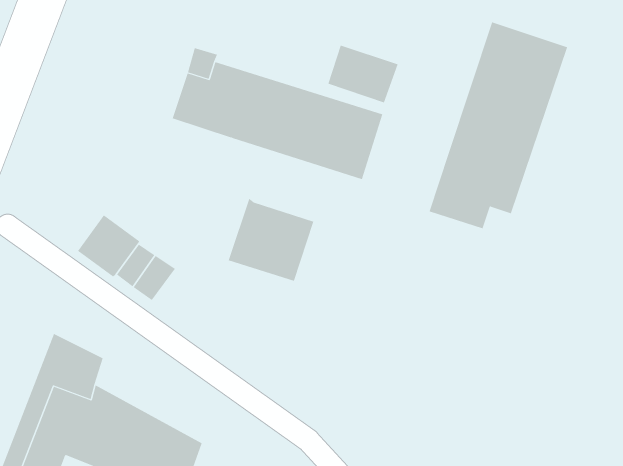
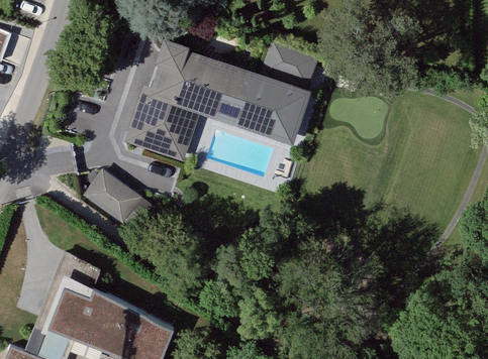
building: [429,22,568,229] -> none
building: [228,198,314,281] -> [131,94,194,154]

